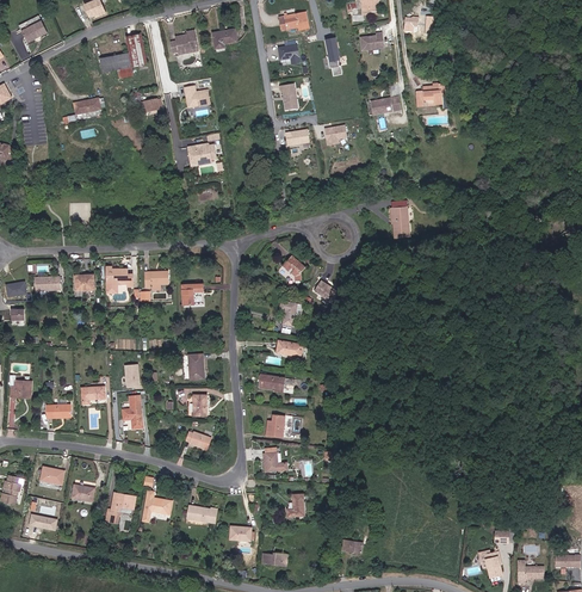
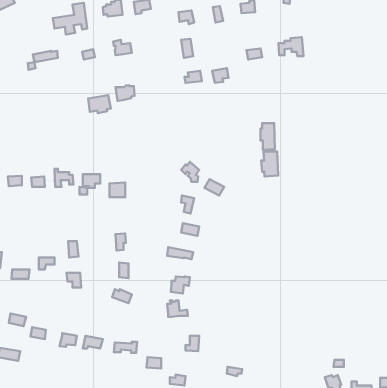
building: none -> [88,95,111,113]
building: none -> [261,152,278,176]

